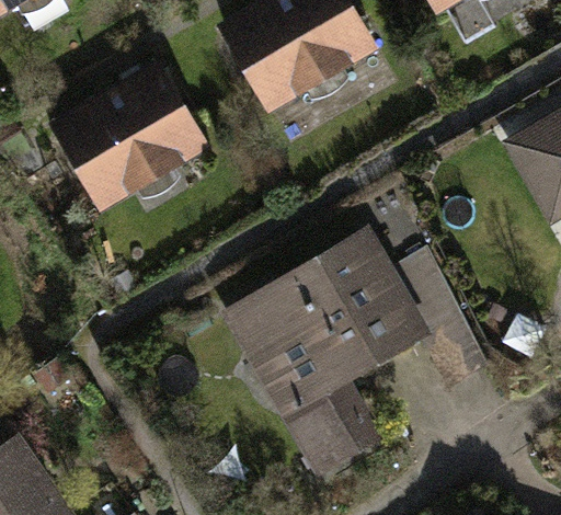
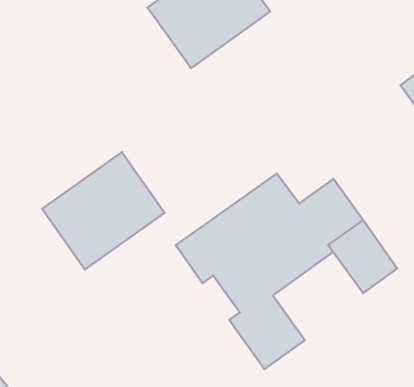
building: [58,72,202,206] -> [42,152,165,270]

